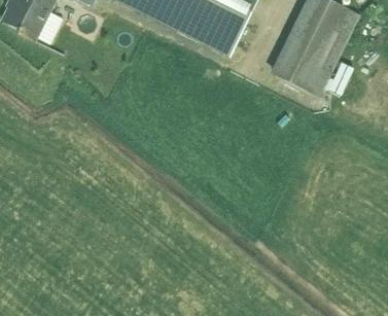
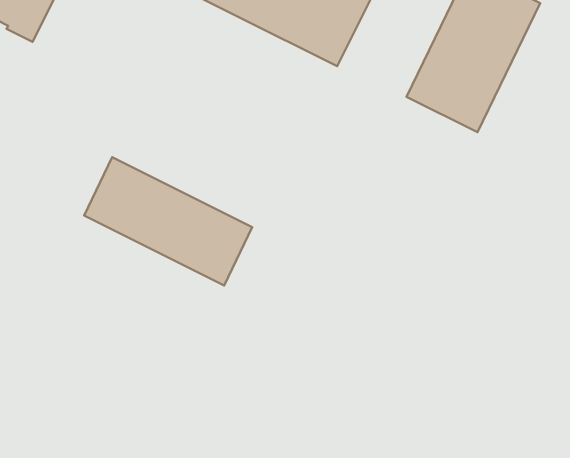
building: none -> [84,157,252,285]

